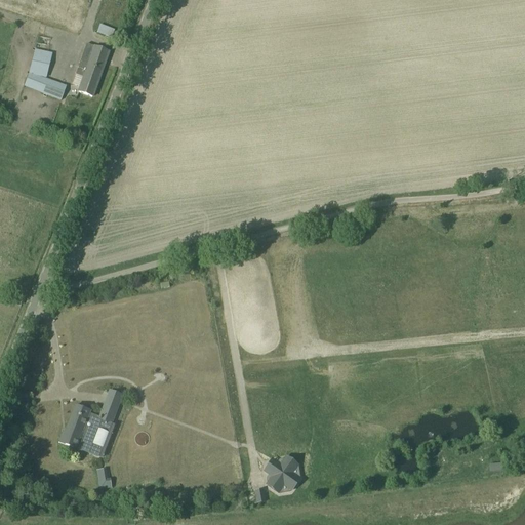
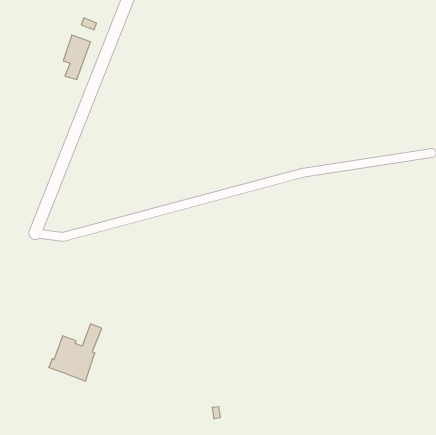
building: [25,47,68,99] -> none
building: [268,456,300,491] -> none

